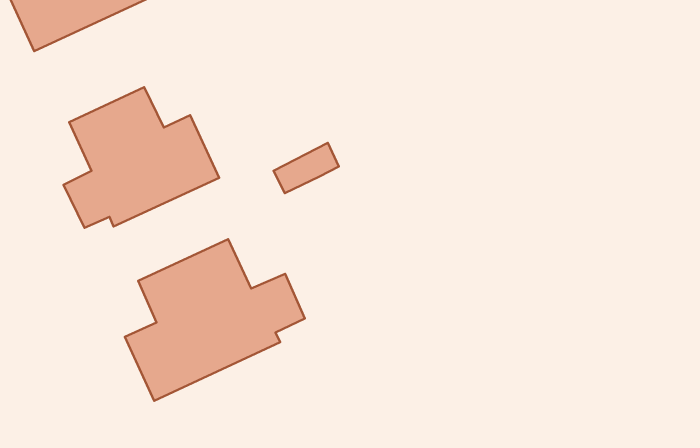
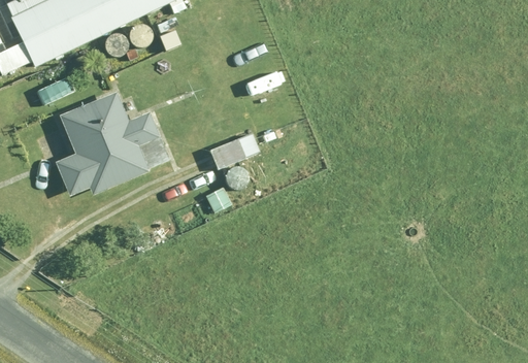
building: [125,239,305,401] -> none

